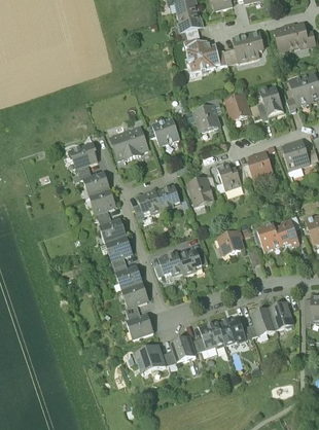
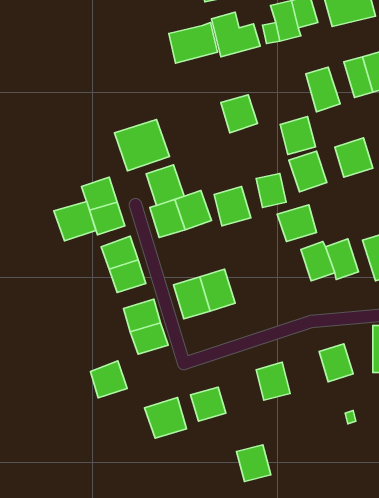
building: none -> [169,22,217,63]
building: [223,93,251,122] -> [280,117,315,155]
building: [151,116,181,148] -> [146,165,184,205]
building: [66,137,99,168] -> [54,202,96,241]
building: [215,228,246,257] -> [277,205,317,242]
building: [249,307,276,335] -> none
building: [125,311,153,339] -> [90,361,127,398]
building: [199,321,225,350] -> [237,445,271,481]

